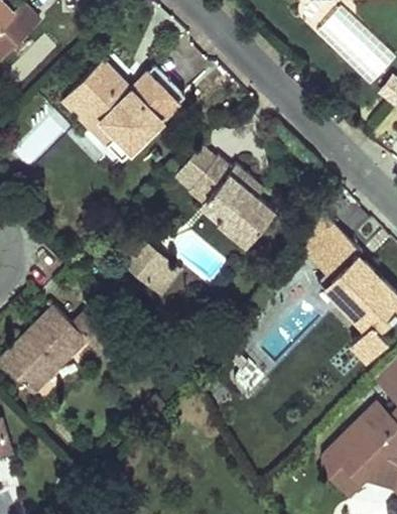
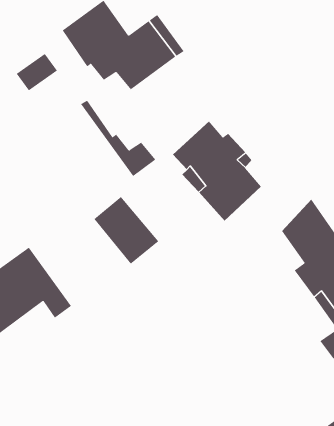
building: [60,93,138,157] -> [80,100,156,177]

